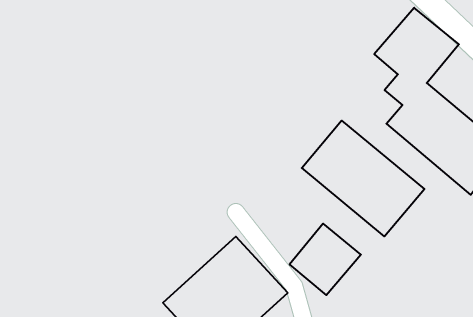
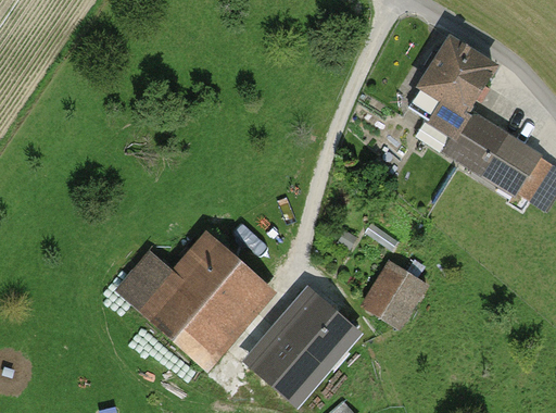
building: [302,121,424,236] -> none
building: none -> [119,229,274,364]

